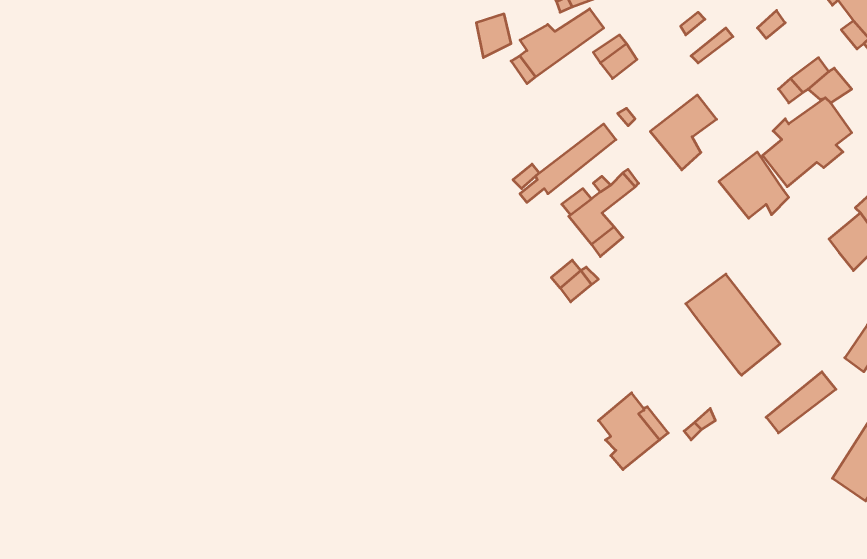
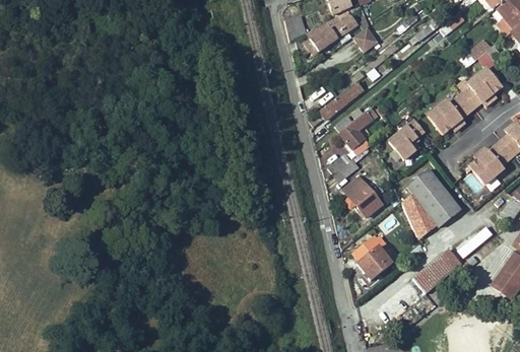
building: [650,95,717,170] -> [387,116,426,159]
building: none -> [467,144,505,184]
building: none -> [342,172,384,217]
building: none -> [403,192,437,238]
building: none -> [411,245,462,292]

